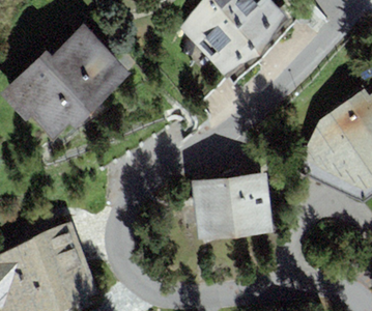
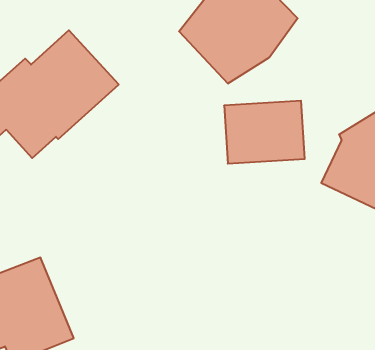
building: [197,181,267,236] -> [224,101,305,164]

